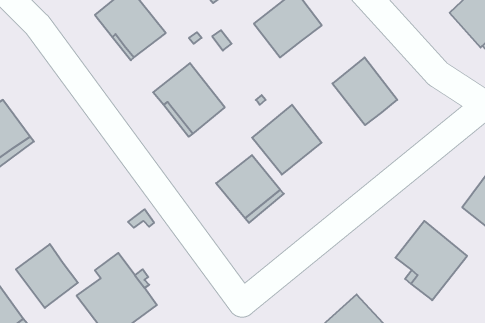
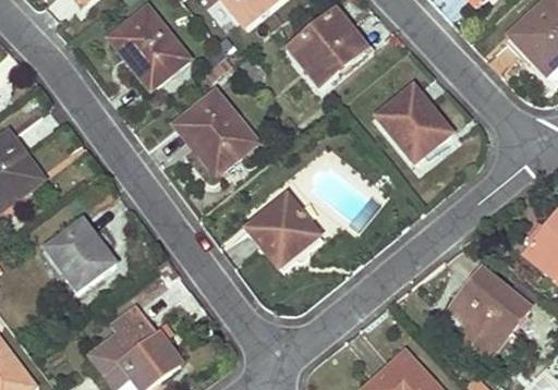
building: [252,105,322,175] -> none
building: [16,244,78,308] -> [44,218,113,290]

